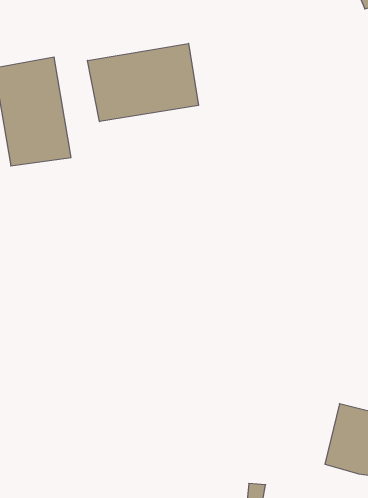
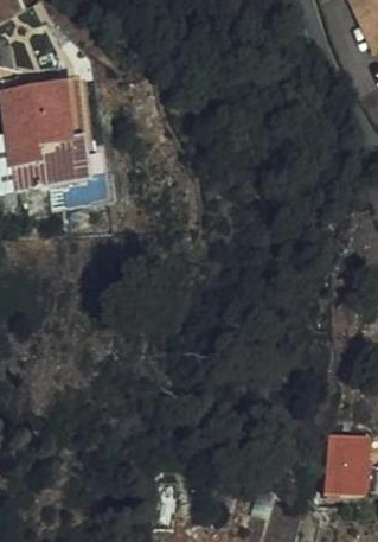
building: [87,43,198,122] -> none

